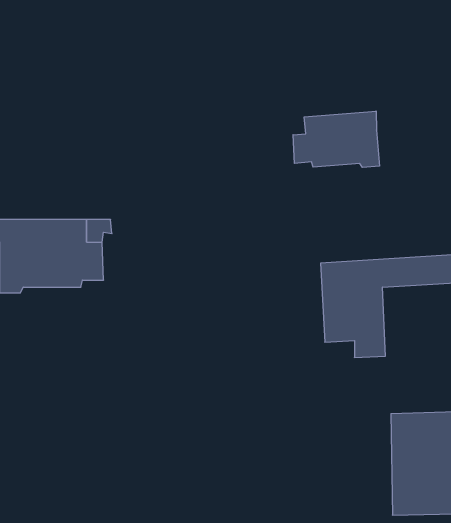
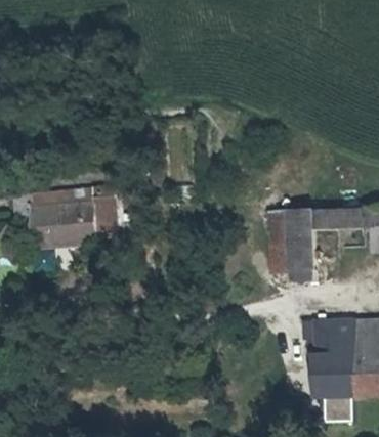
building: [293,111,379,167] -> none

